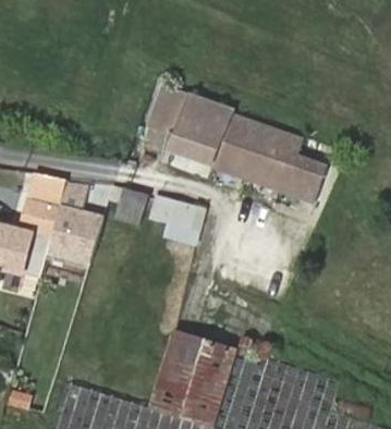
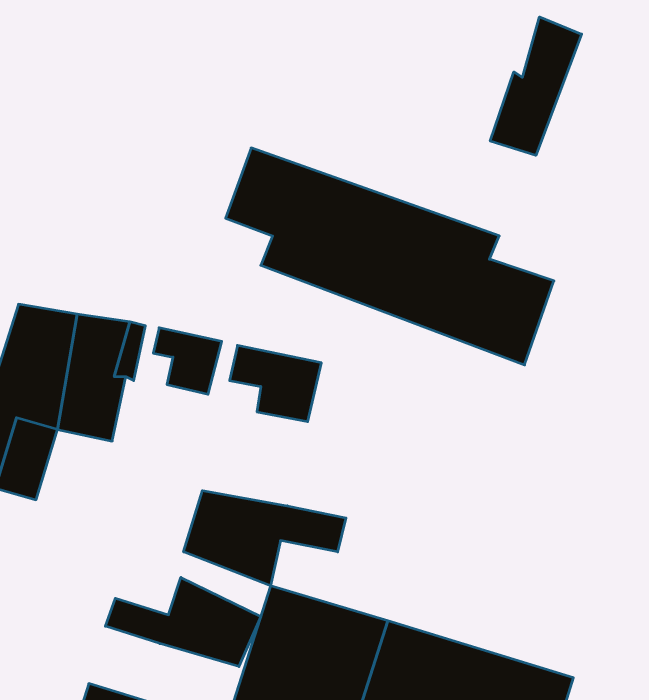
building: none -> [490,17,582,155]
building: none -> [184,491,346,586]
building: none -> [105,577,261,667]

